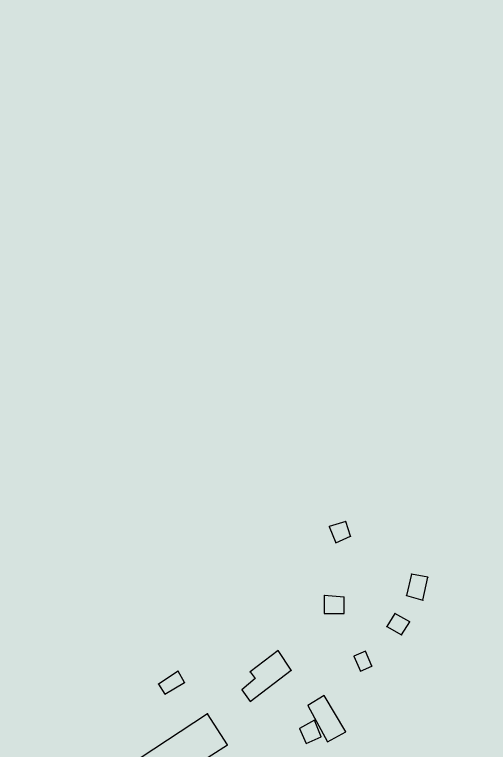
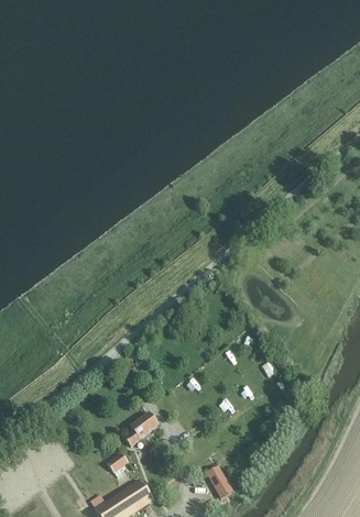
building: [242,651,291,701] -> [126,411,159,446]

